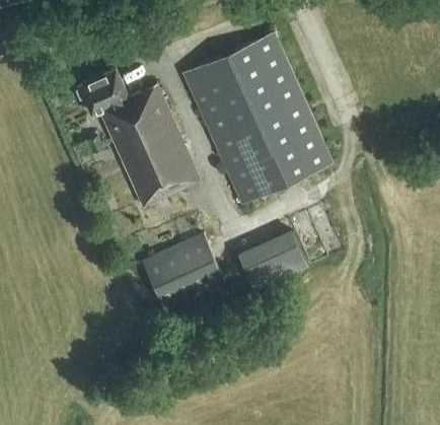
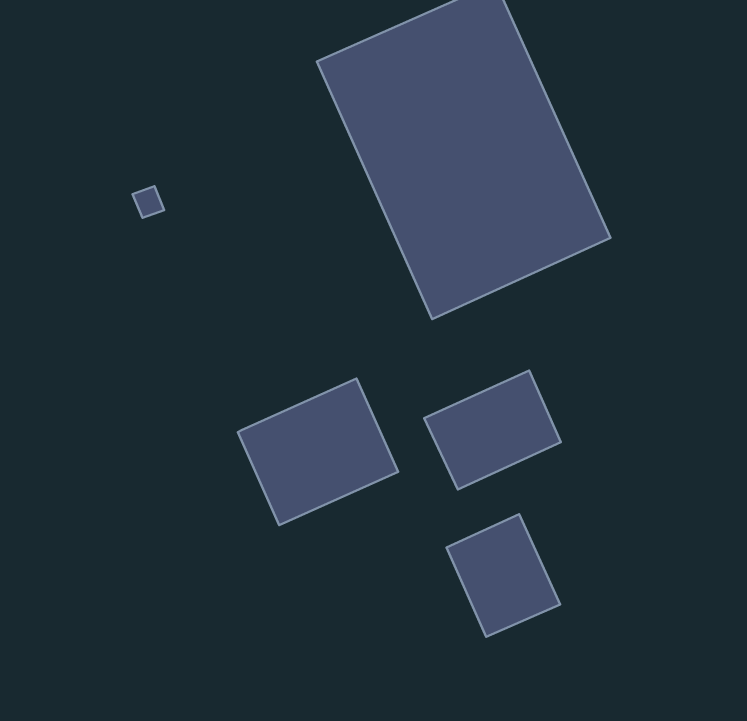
building: [77,68,197,205] -> none
building: none -> [447,514,560,637]

